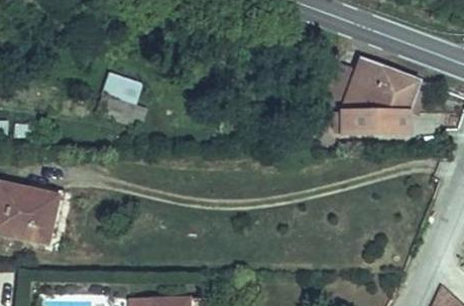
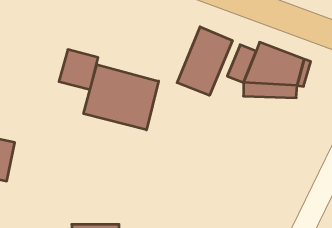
building: none -> [177,27,232,95]
building: none -> [84,64,159,130]

